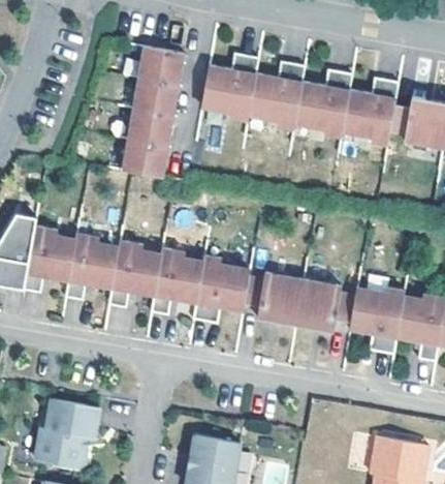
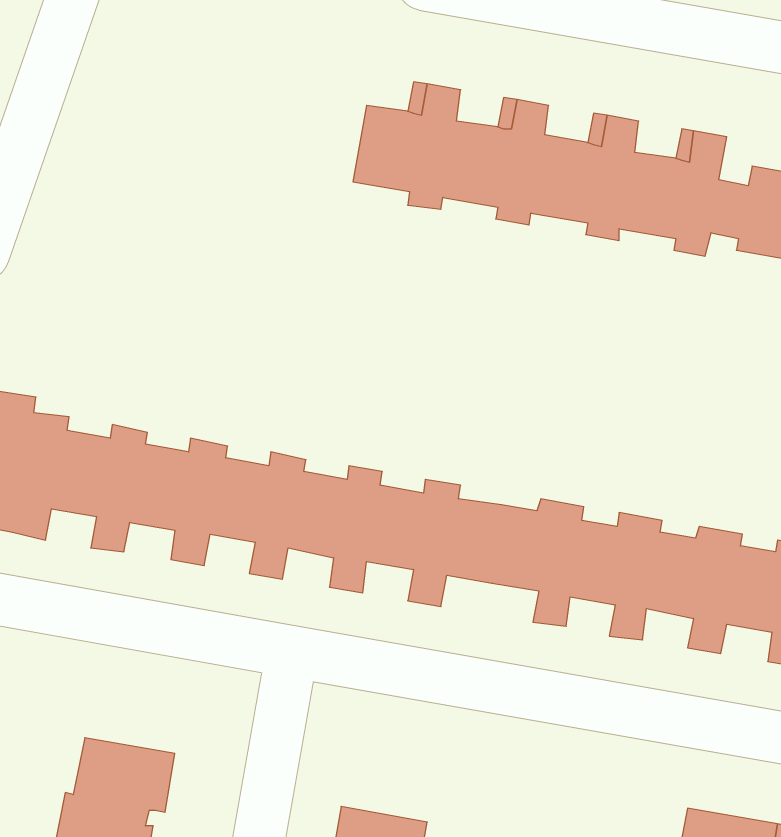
building: [121,47,184,176] -> none

